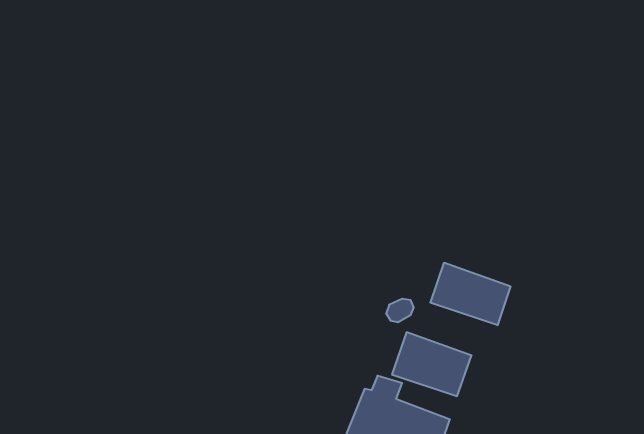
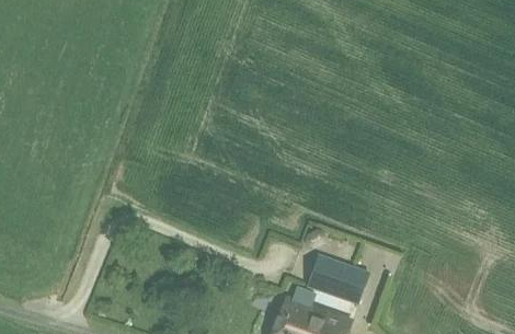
building: [430,263,510,325] -> none

